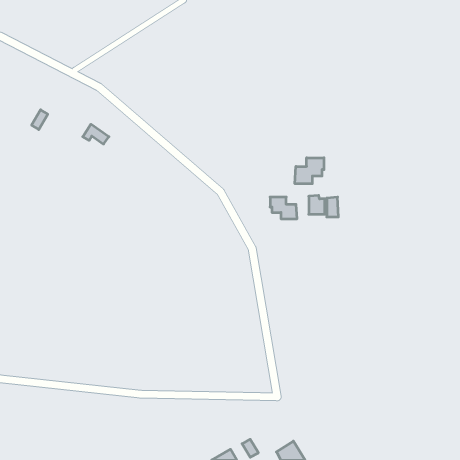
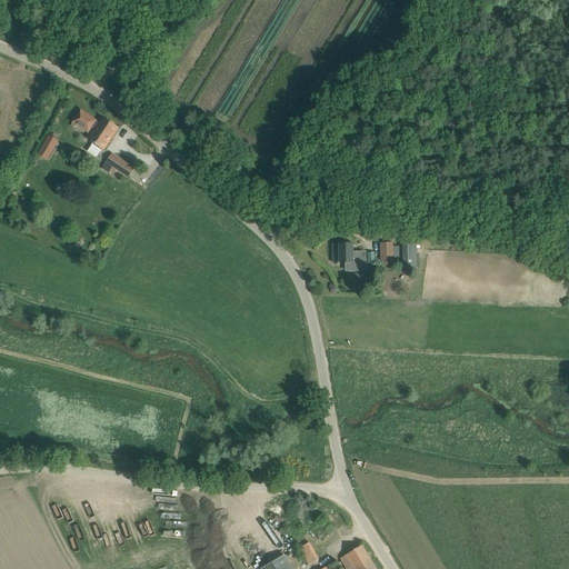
building: none -> [73,110,118,148]
building: [295,158,324,184] -> none

